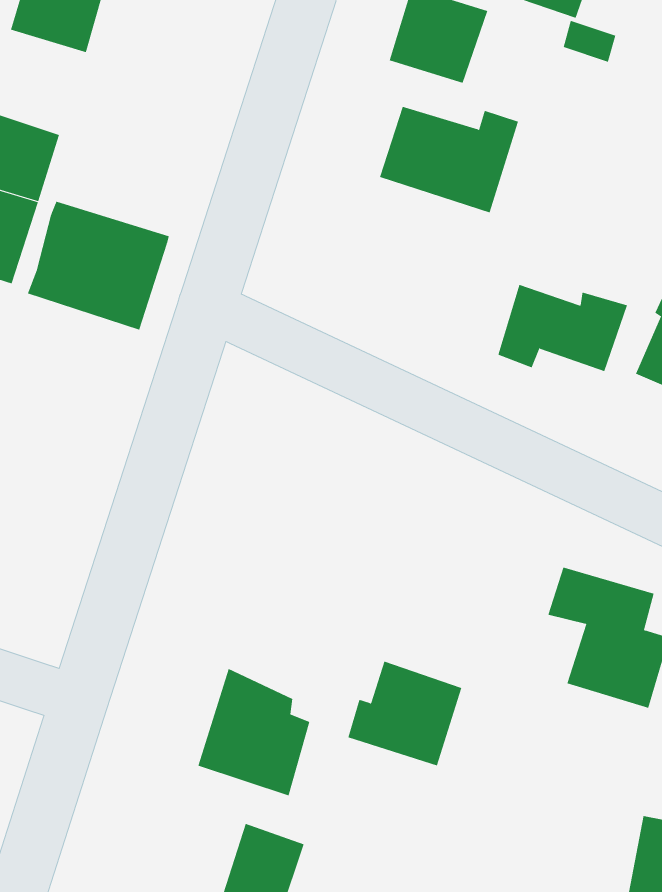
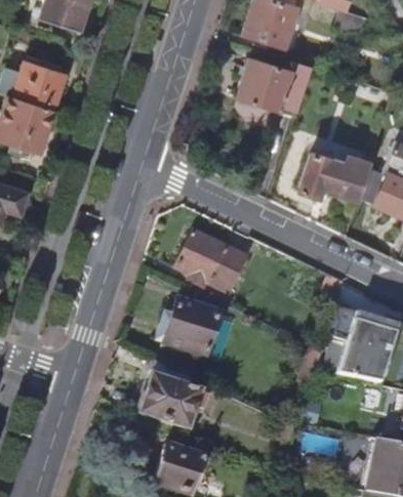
building: [27,201,169,331] -> none
building: none -> [177,232,246,292]
building: [347,661,462,766] -> [159,298,220,355]

